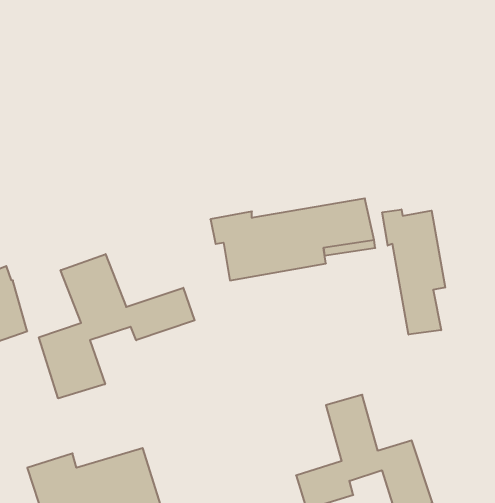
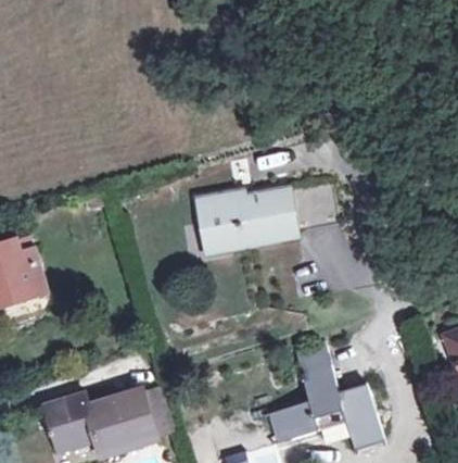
building: [382,209,445,335] -> none
building: [39,254,195,398] -> none

